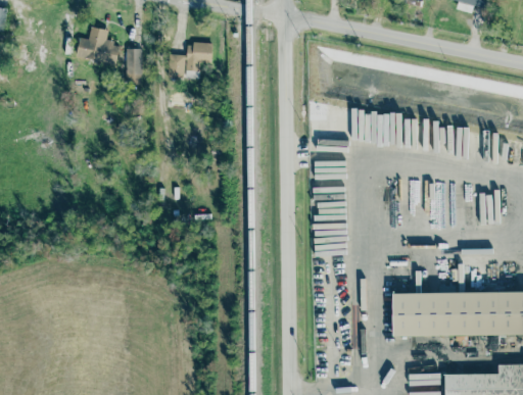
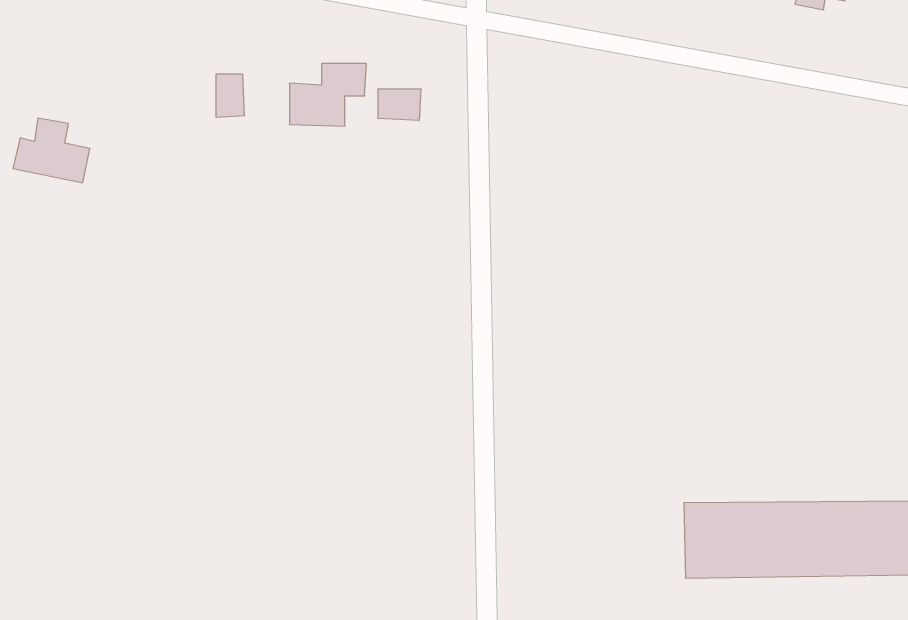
building: [76,27,120,63] -> [13,118,90,183]
building: none -> [378,89,421,121]

